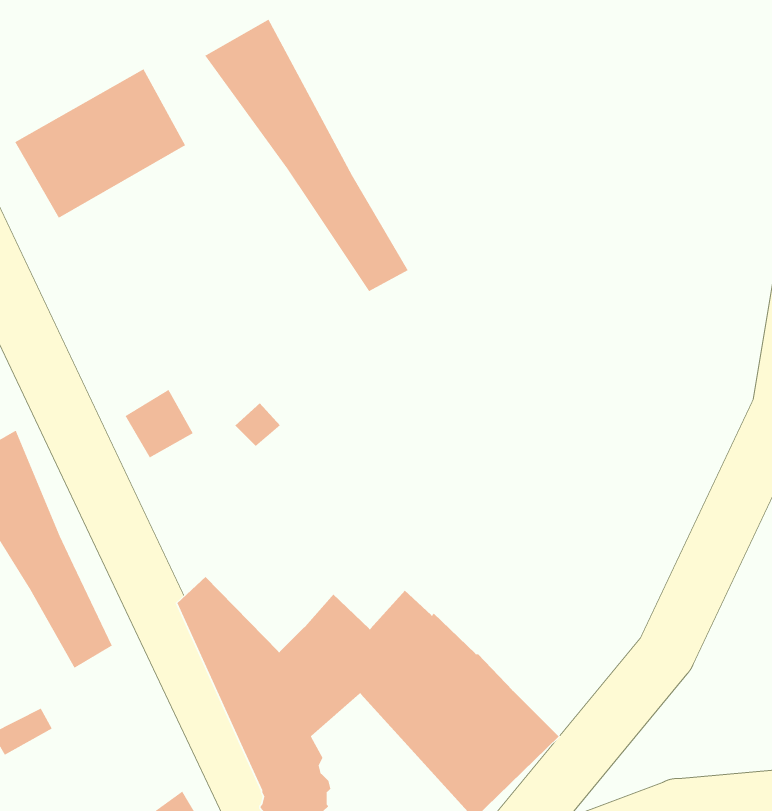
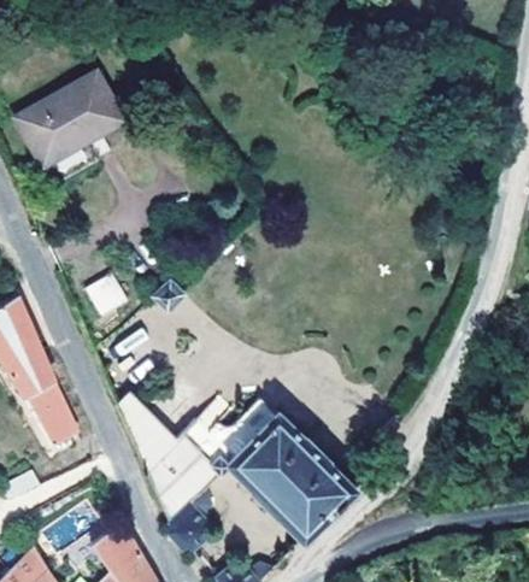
building: [204,18,409,292] -> none

